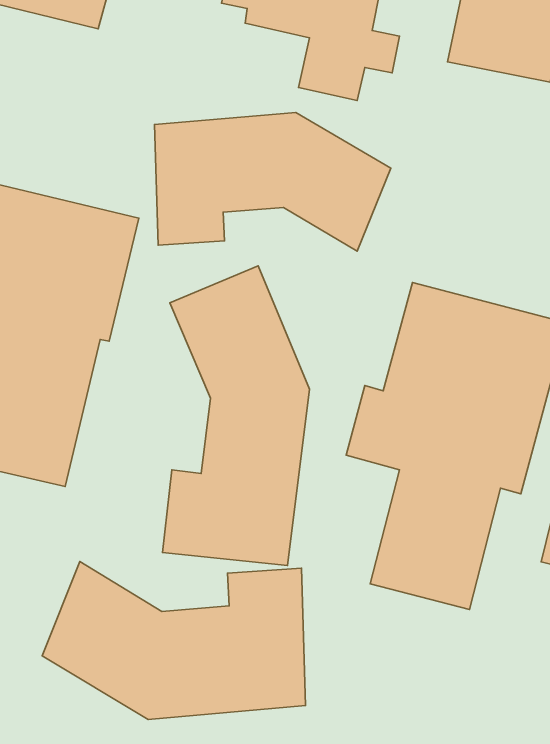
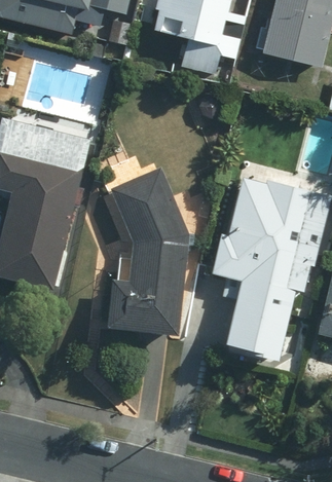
building: [154,112,391,251] -> none
building: [42,562,305,719] -> none

